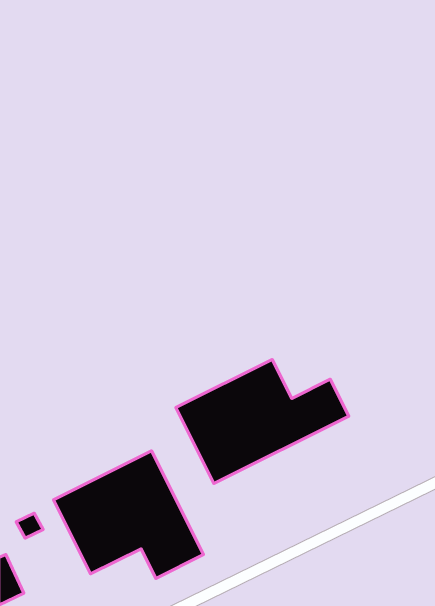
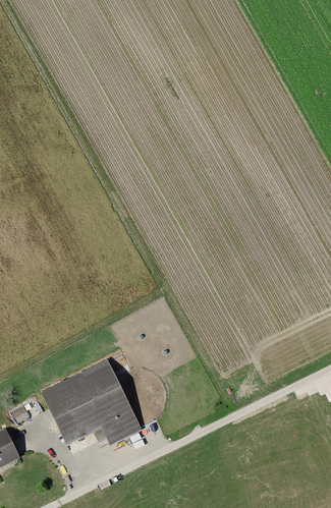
building: [176,359,349,483] -> none

